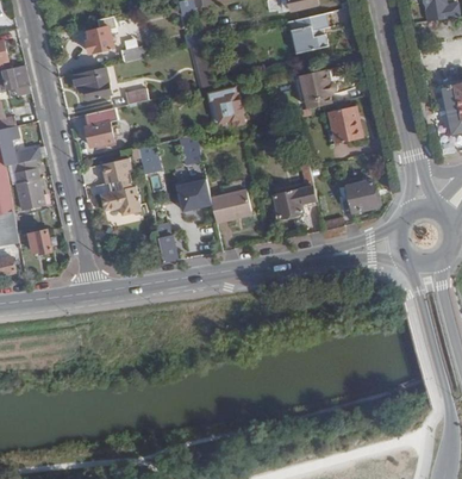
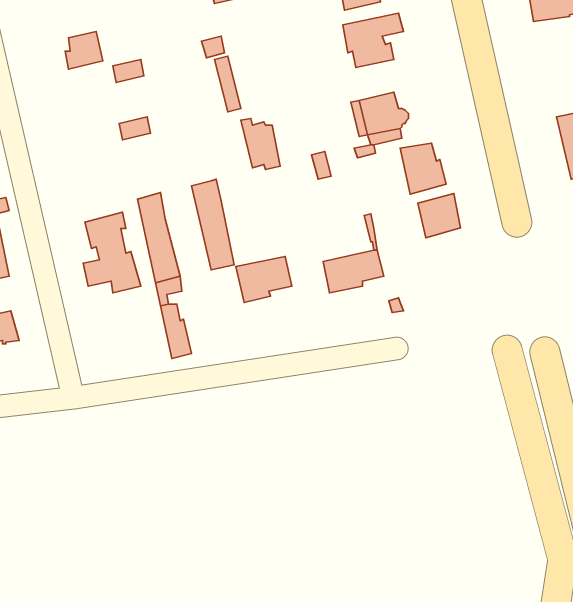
building: [71,67,111,98] -> none
building: [85,107,117,147] -> none
building: [345,180,376,212] -> [418,193,460,238]

